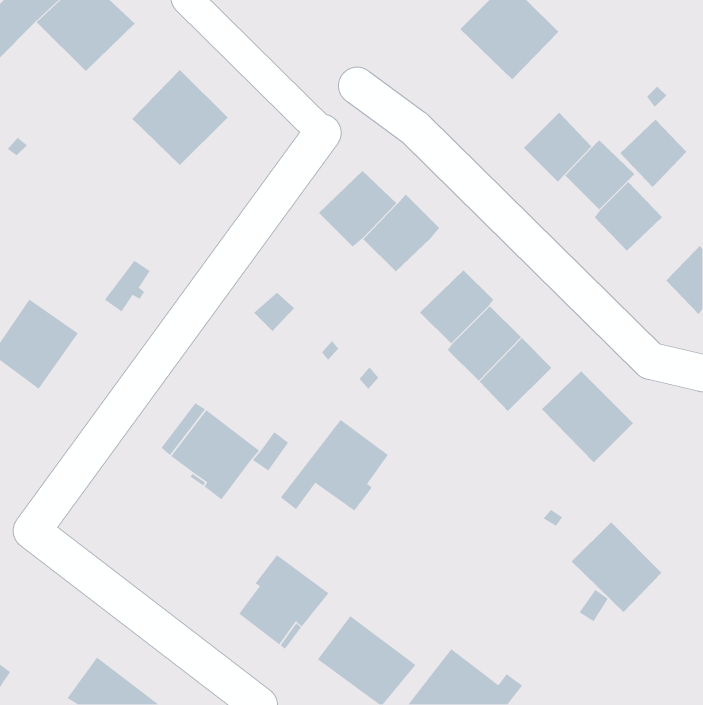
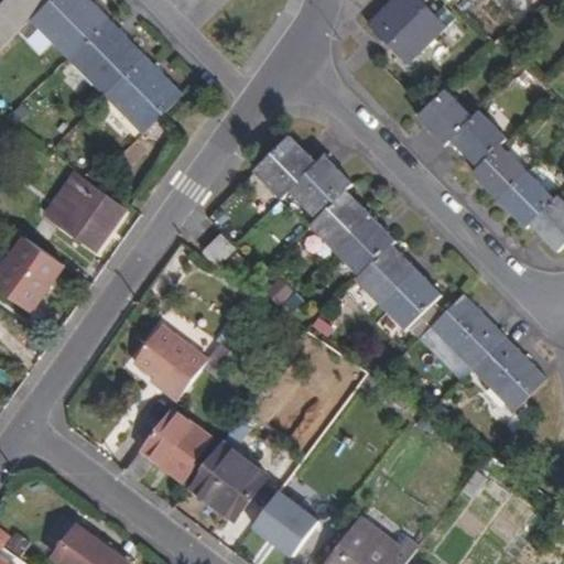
building: none -> [68,19,143,95]
building: [619,119,687,188] -> [499,173,553,228]
building: none -> [58,183,124,239]
building: none -> [310,189,369,249]
building: [280,419,389,511] -> [123,406,210,480]
building: [571,522,662,613] -> [473,337,545,410]

